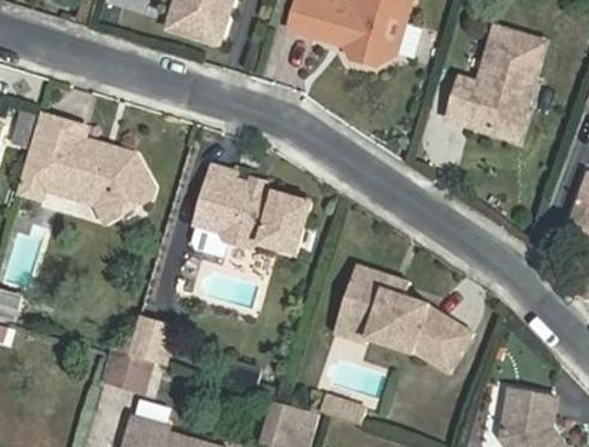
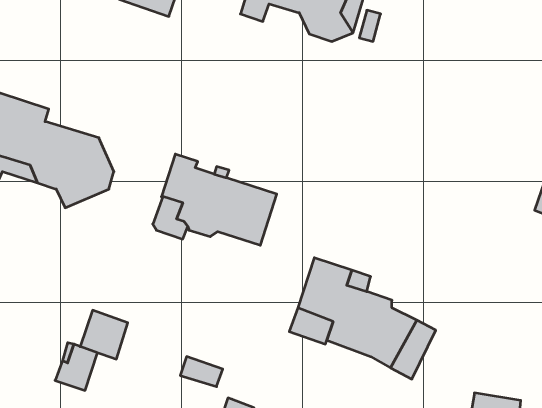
building: [446,25,545,138] -> none

